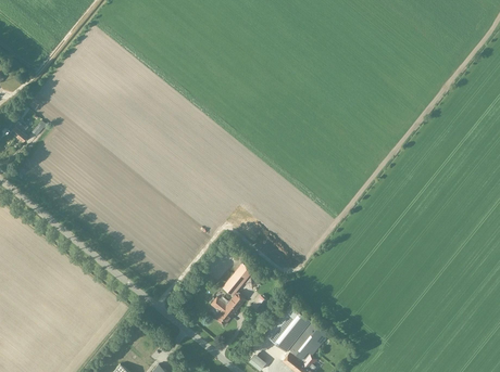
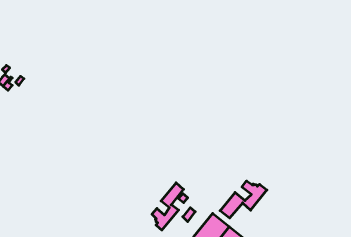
building: none -> [220,181,267,218]

